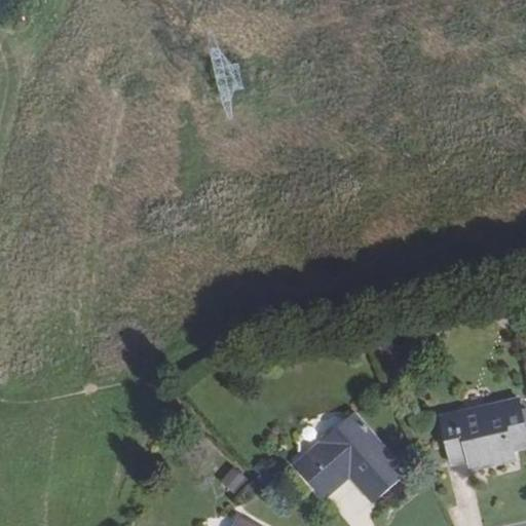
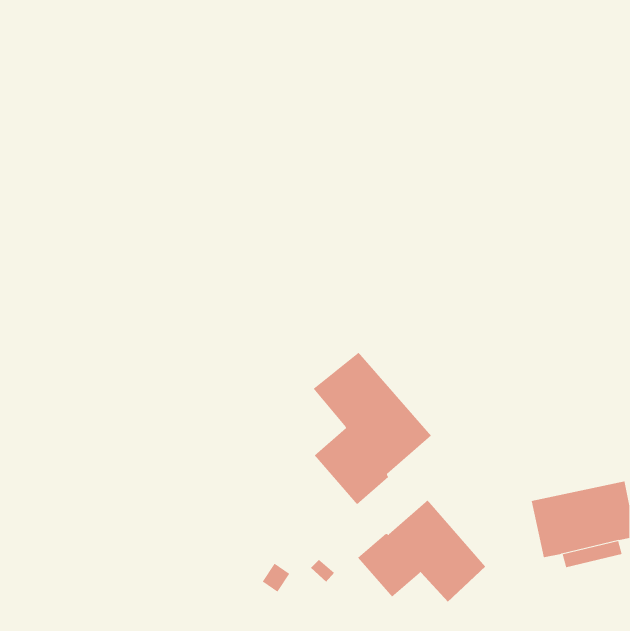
building: none -> [313,352,432,505]

